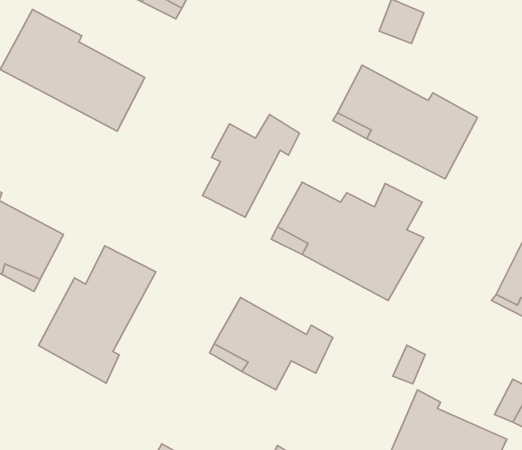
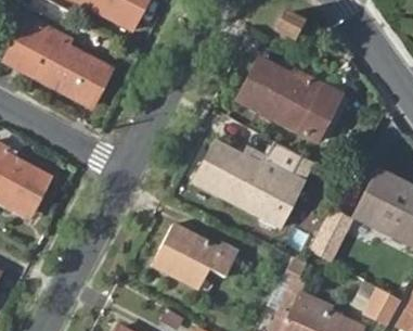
building: [202,114,300,217] -> none
building: [38,246,156,383] -> none
building: none -> [310,212,349,260]

